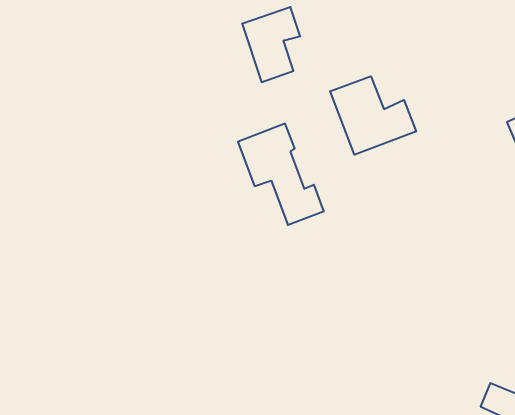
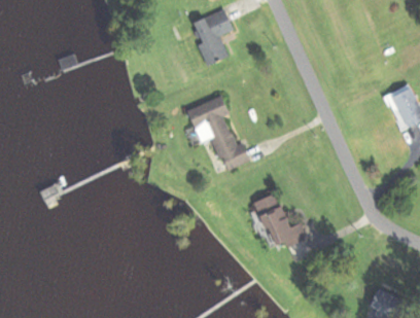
building: [330,76,416,155] -> none
building: none -> [253,193,307,250]

